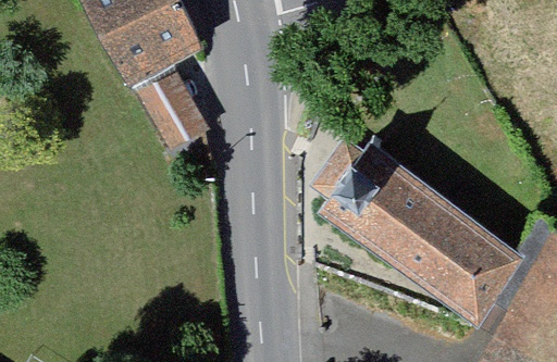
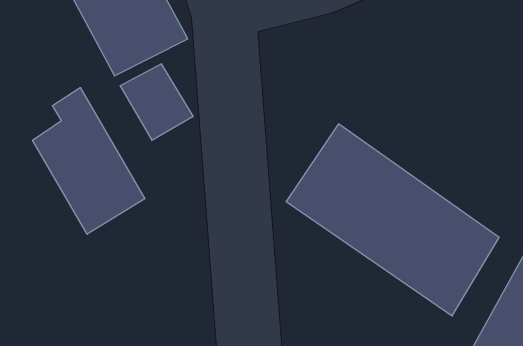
building: none -> [33,88,145,234]

